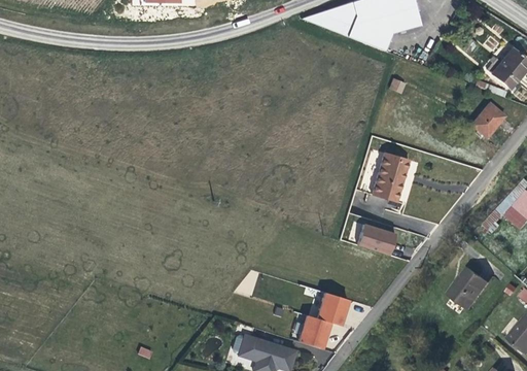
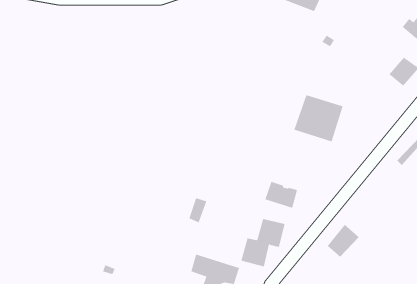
building: [357,223,396,255] -> [265,181,298,208]
building: [449,263,487,302] -> [327,224,359,257]

